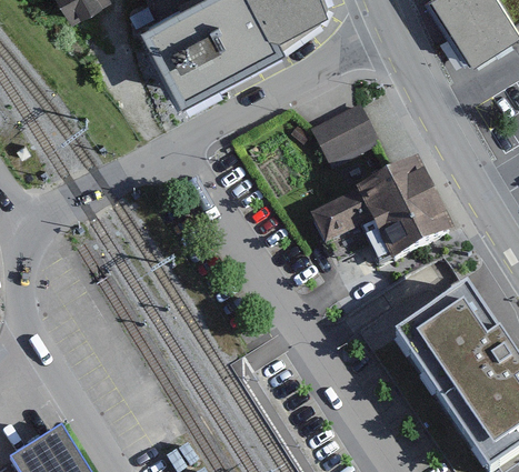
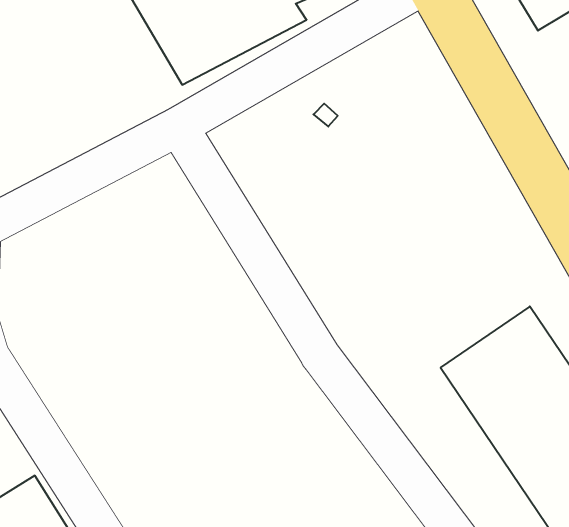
building: [315,102,381,165] -> none
building: [311,162,455,271] -> none

